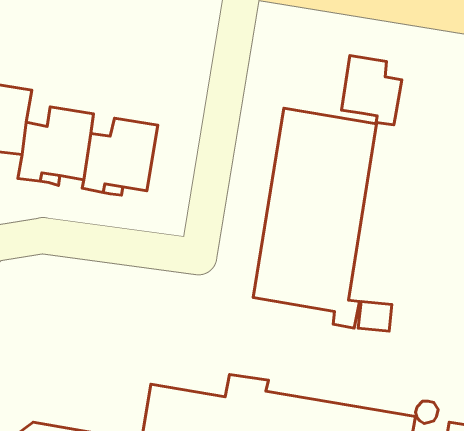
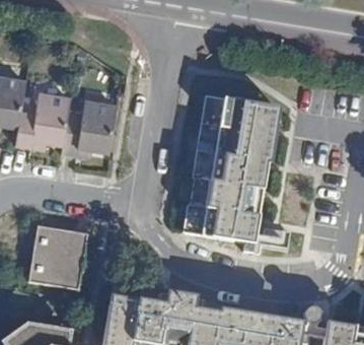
building: [342,55,402,125] -> none
building: none -> [29,224,88,288]

